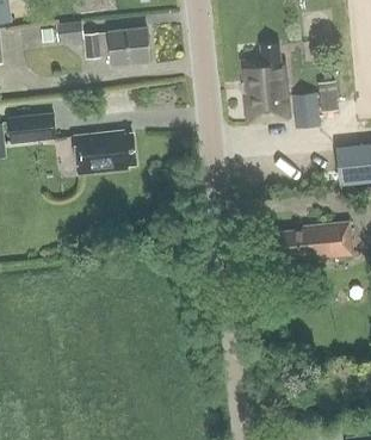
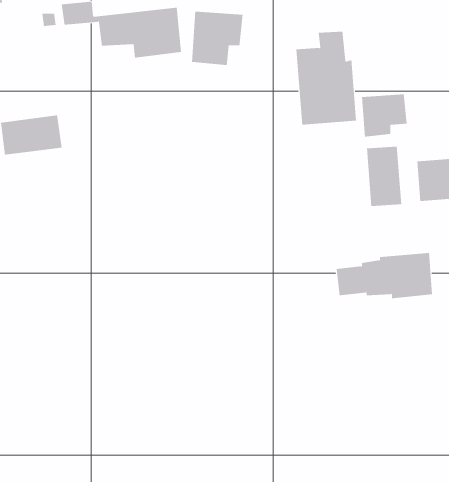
building: none -> [191,11,243,66]
building: [75,131,136,174] -> none
building: none -> [366,146,402,207]

